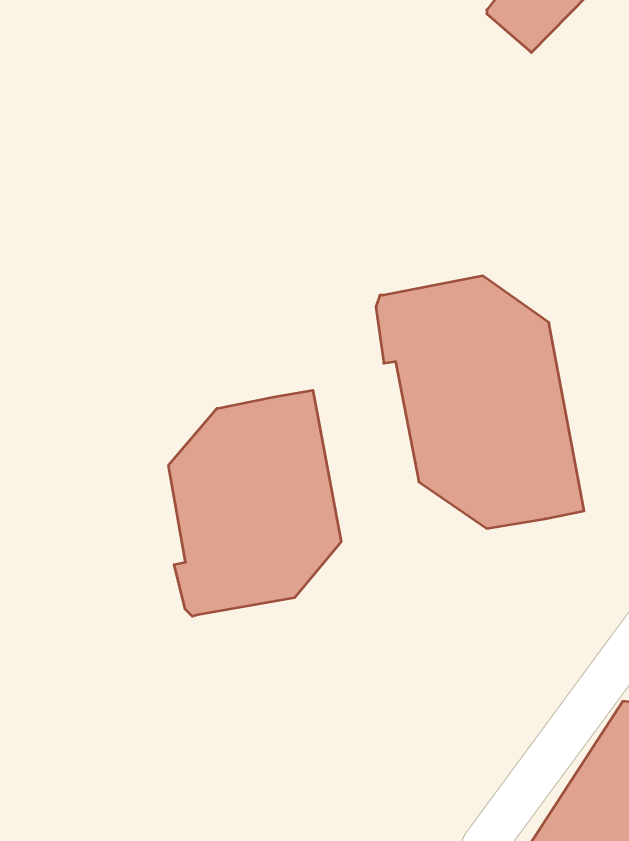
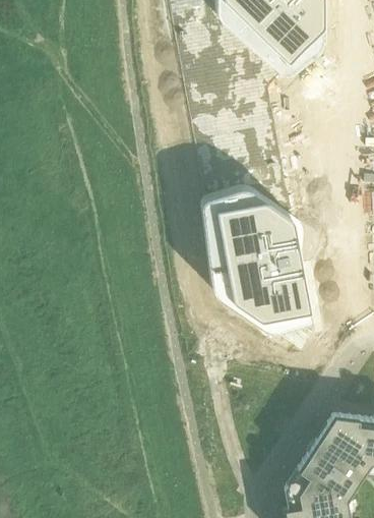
building: [169,390,341,616] -> none

